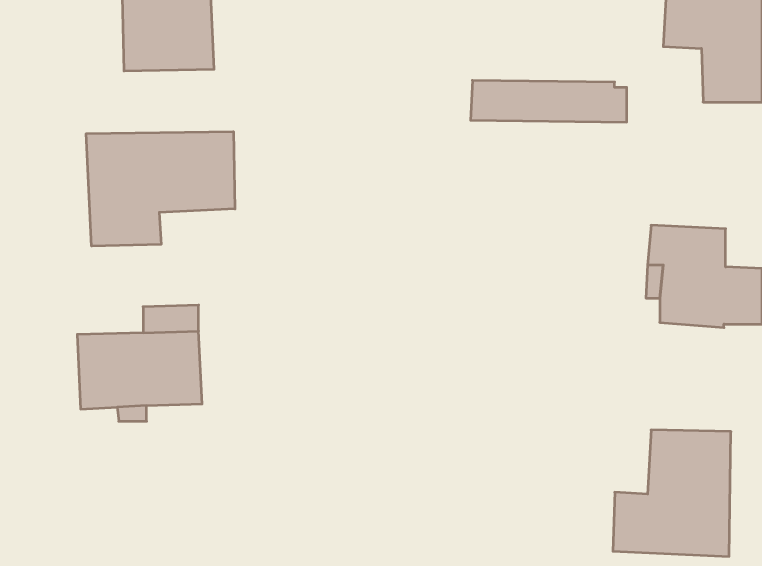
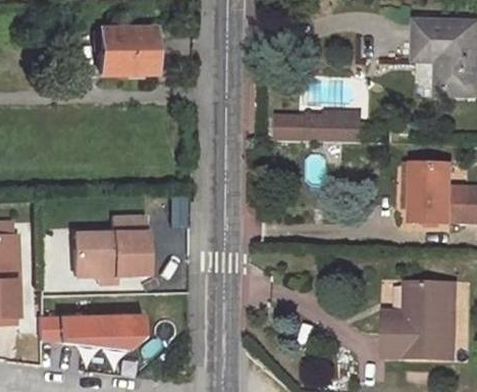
building: [471,80,627,122] -> [277,116,369,141]
building: [86,132,235,246] -> none
building: none -> [35,310,137,345]

